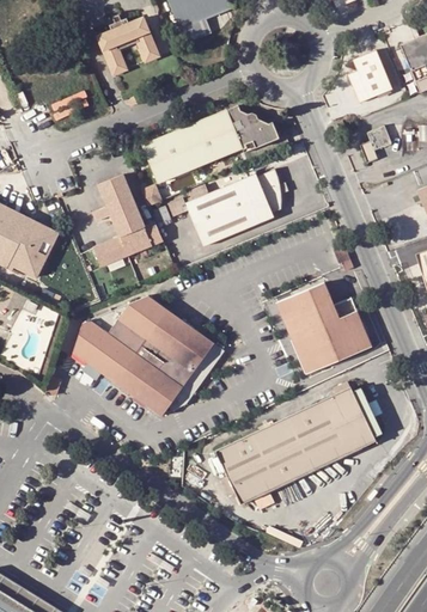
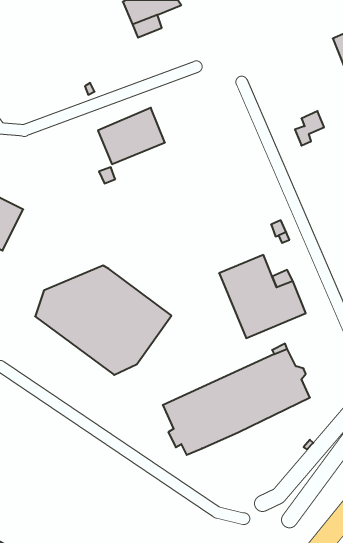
building: [96,14,157,74] -> none
building: [348,50,391,102] -> none
building: [200,105,279,159] -> none
building: [167,170,282,247] -> none
building: [93,175,163,267] -> none

